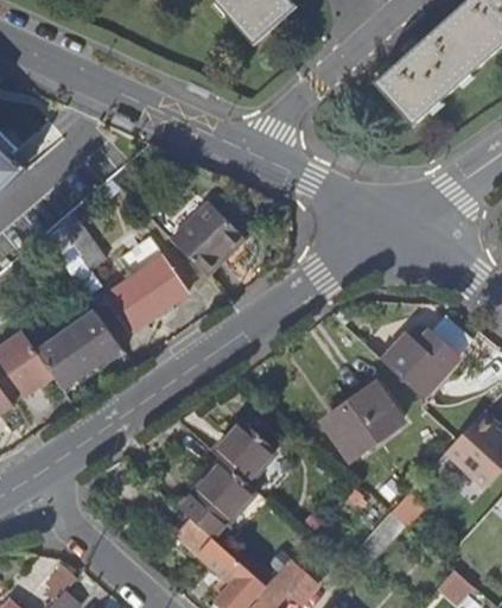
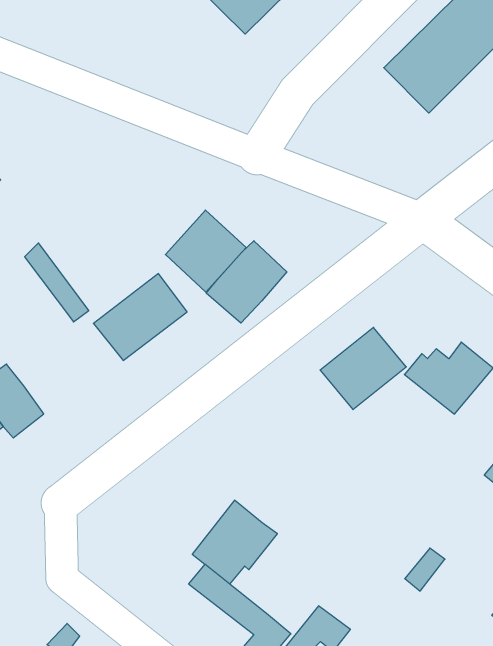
building: none -> [206,241,287,323]
building: [38,311,120,385] -> none
building: [324,385,401,457] -> [320,327,406,410]
building: [211,420,274,483] -> none

